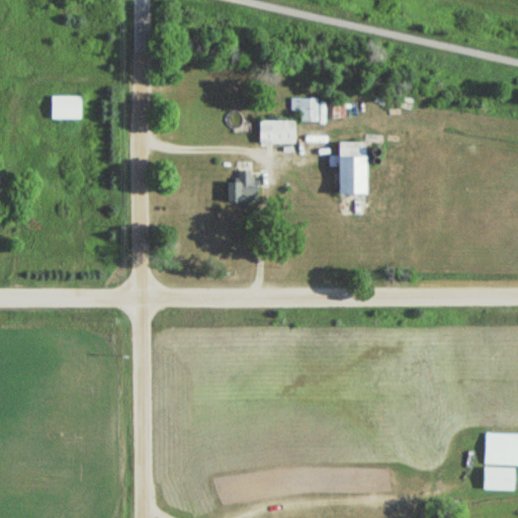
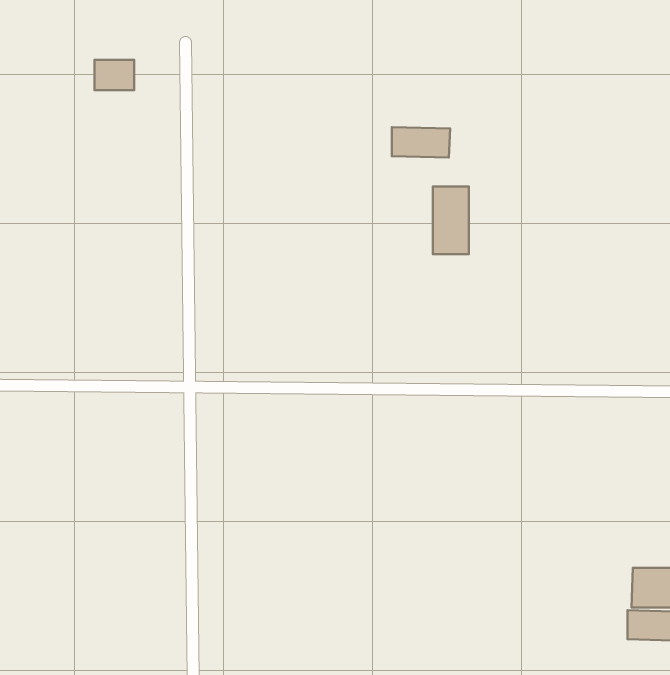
building: [52,96,82,119] -> [95,60,134,90]
building: [260,120,295,144] -> none
building: [230,174,260,200] -> none

